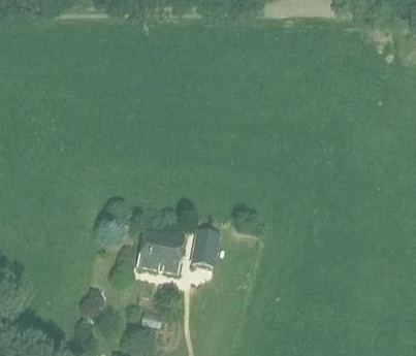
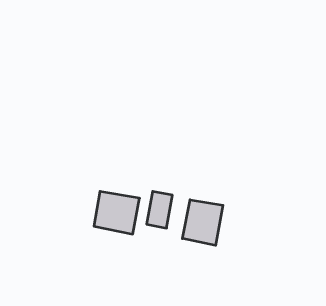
building: none -> [182,200,223,245]

